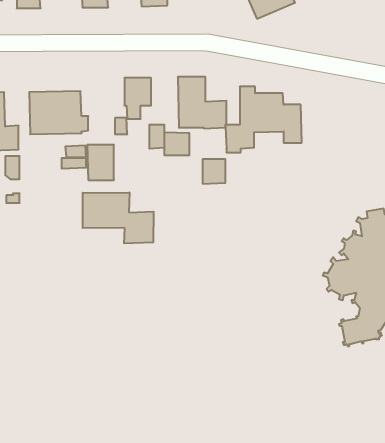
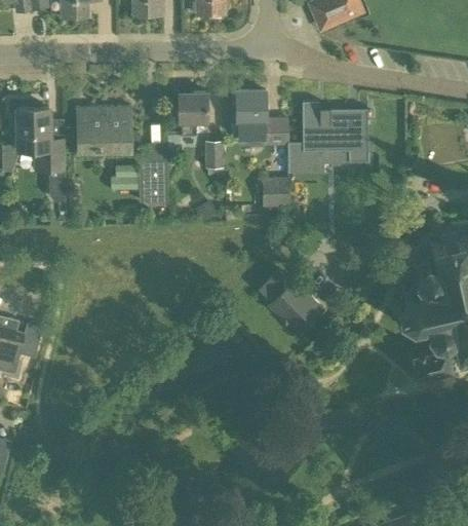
building: [164,132,189,155] -> none
building: [83,192,153,243] -> none
building: none -> [259,268,325,335]

